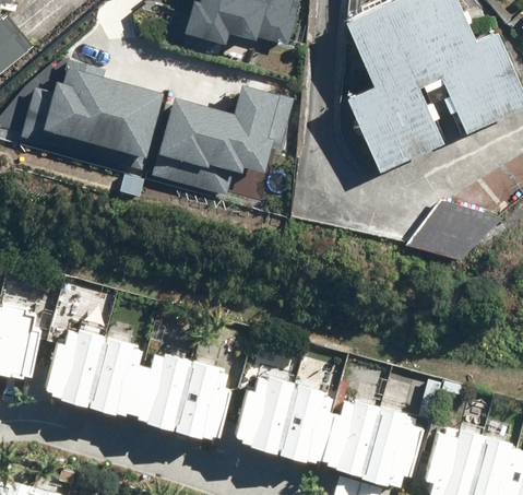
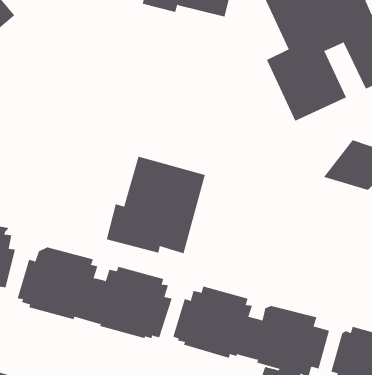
building: [28,57,169,168] -> none
building: [162,80,301,189] -> none
building: none -> [106,156,206,254]

